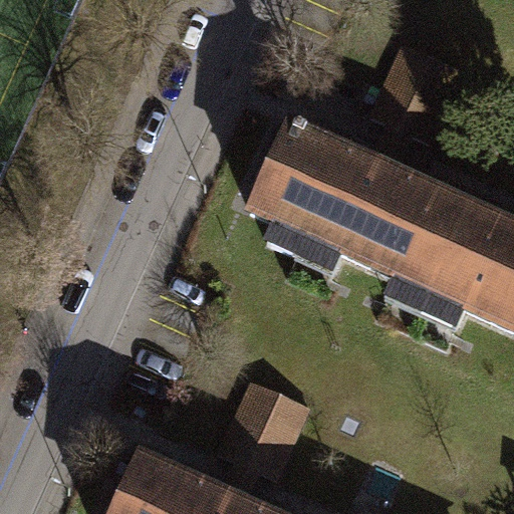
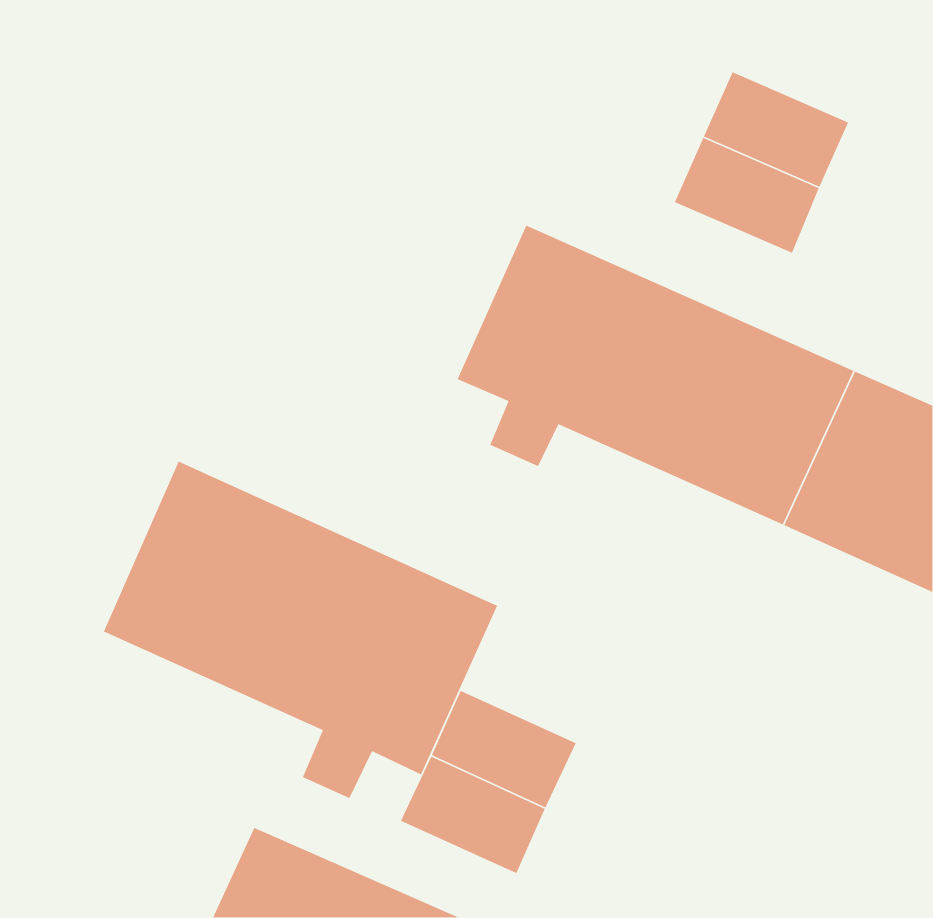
building: none -> [103,461,498,799]

